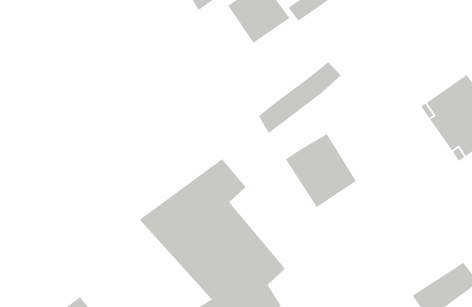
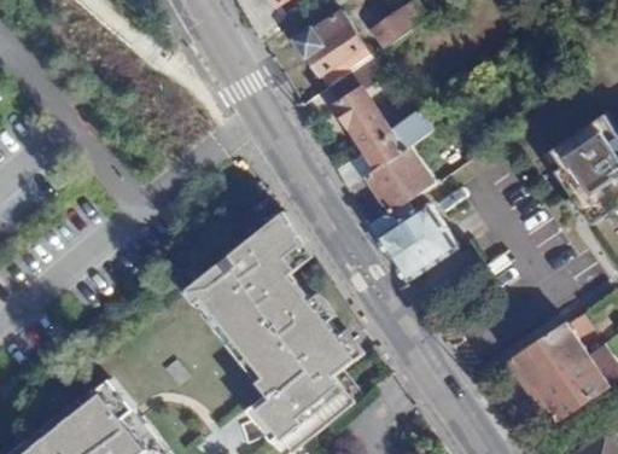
building: none -> [332,76,392,146]
building: none -> [363,141,436,210]
building: none -> [500,320,589,394]

